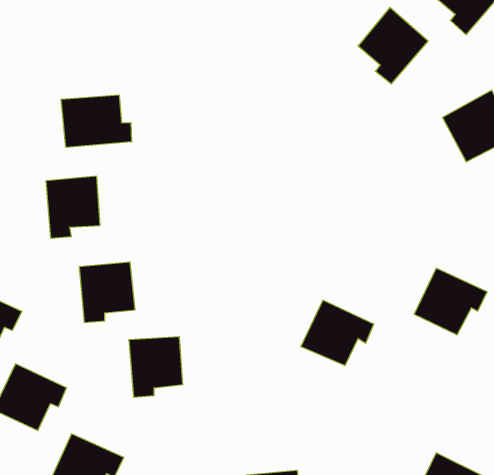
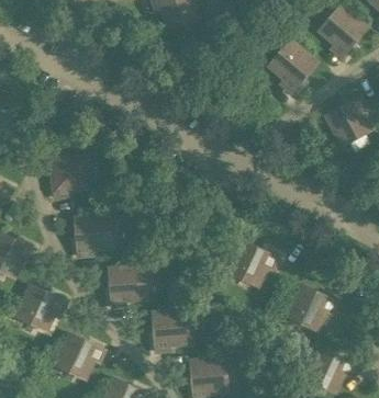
building: [61,95,132,147] -> none
building: [414,268,487,335] -> [287,285,337,331]
building: none -> [153,310,190,352]

